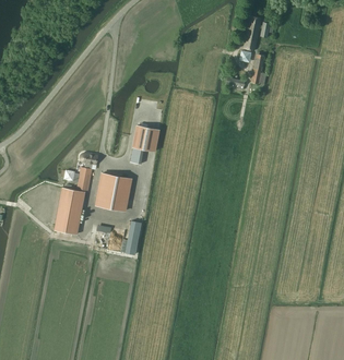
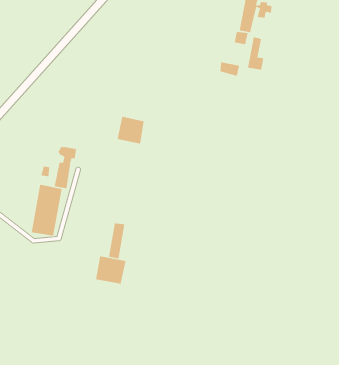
building: [95,173,130,212] -> none
building: none -> [96,256,126,284]

